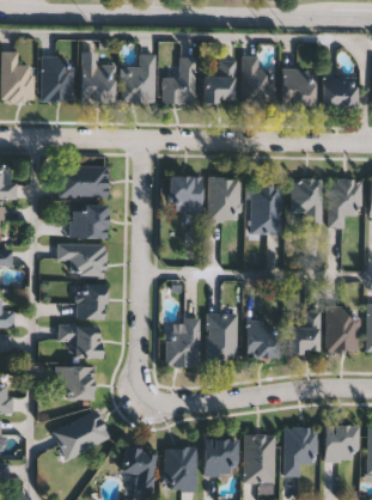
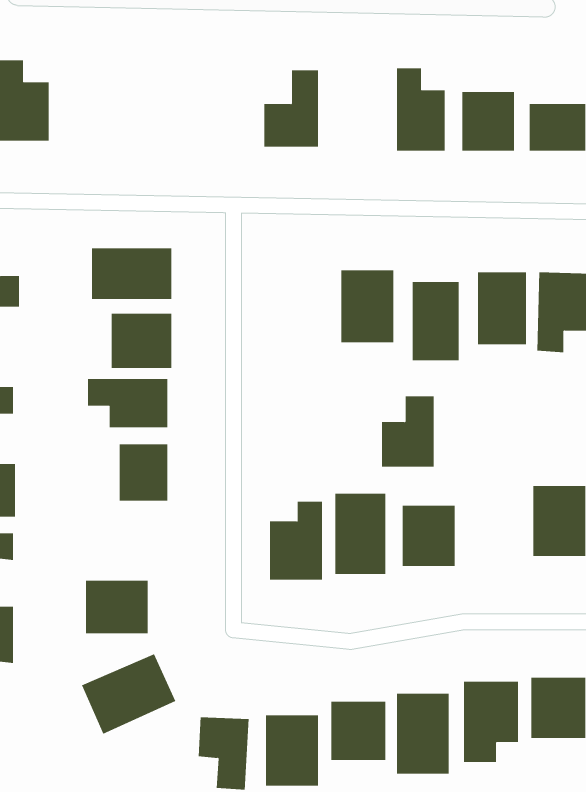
building: [123,54,154,102] -> none
building: [42,56,72,100] -> none
building: [203,61,236,103] -> none
building: [81,65,114,102] -> none
building: [170,177,202,213] -> none
building: [288,311,321,354] -> [381,396,435,467]
building: [57,325,103,358] -> none

